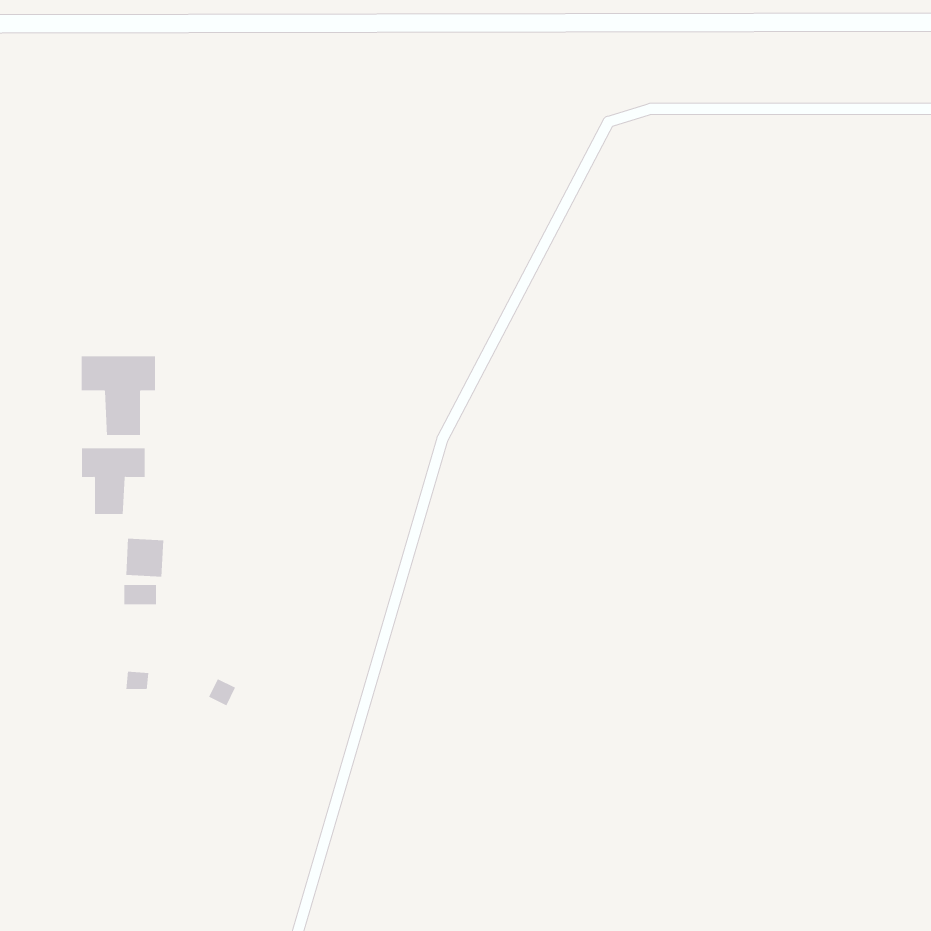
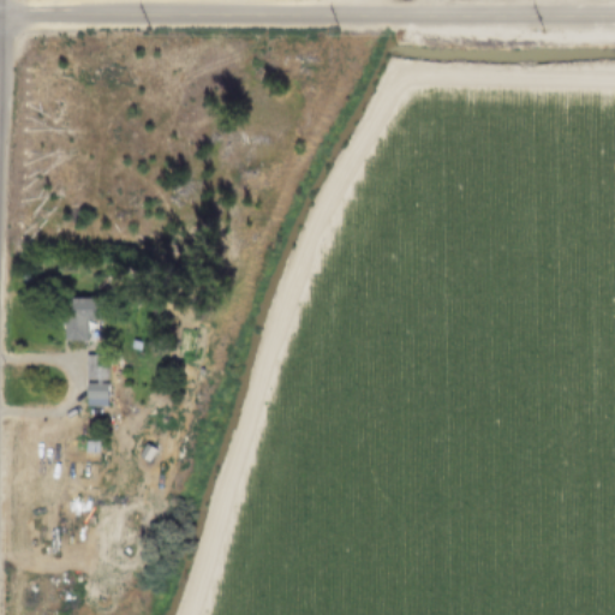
building: [81,356,155,436] -> none

